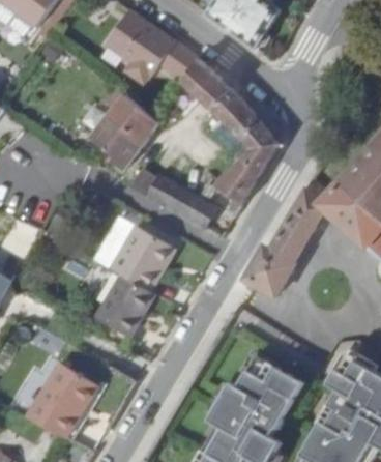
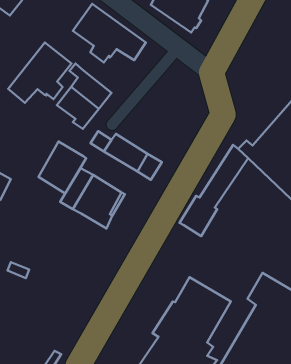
building: [186,62,276,208] -> none
building: none -> [8,43,71,103]
building: [96,273,155,338] -> [38,142,86,194]
building: [29,359,100,435] -> none

